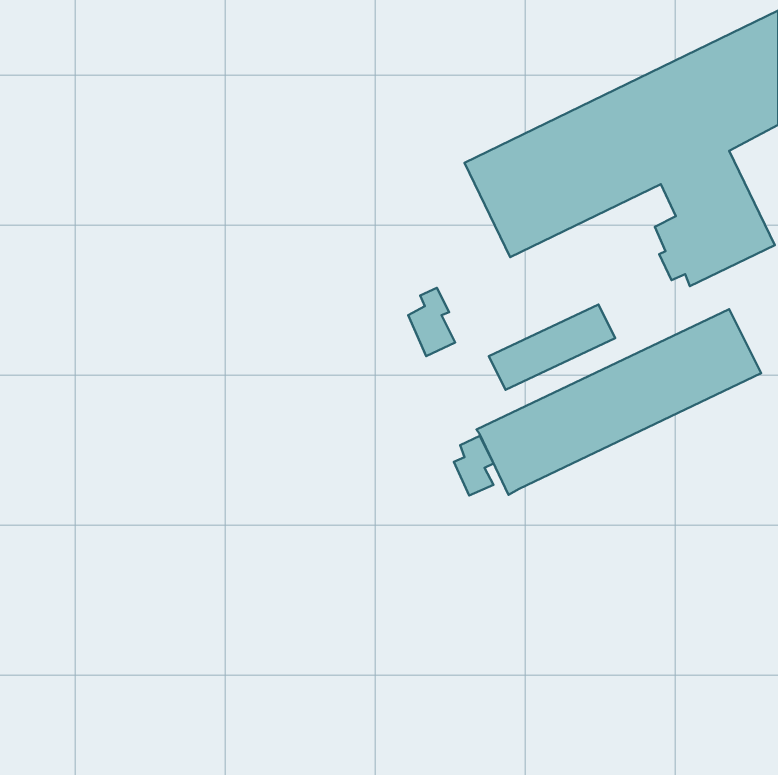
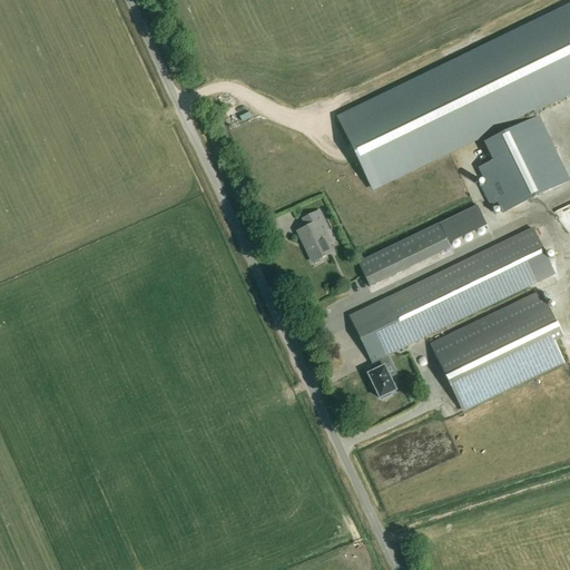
building: none -> [439,204,487,242]
building: none -> [429,289,563,412]
building: [454,436,494,495] -> [367,356,396,400]

